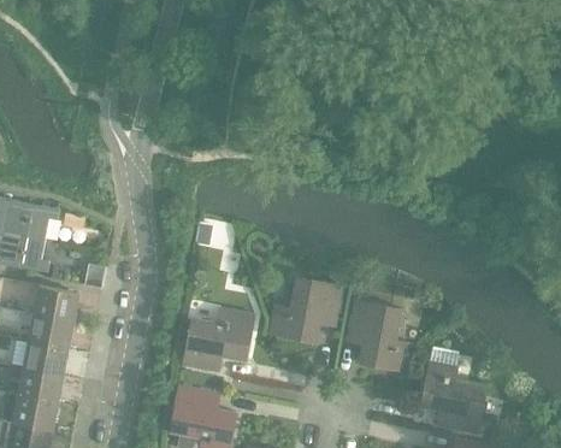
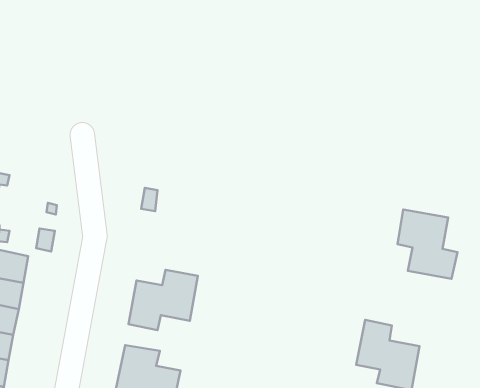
building: [268,277,342,343] -> none
building: [348,300,411,372] -> [397,209,457,279]

